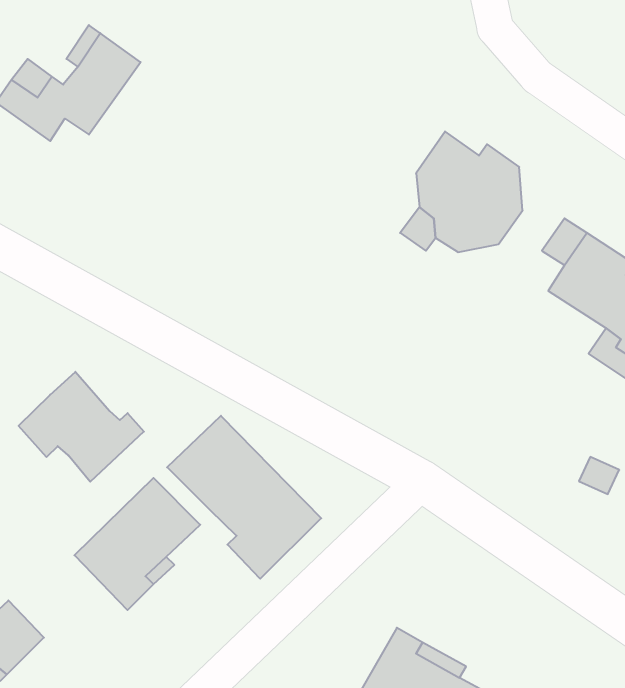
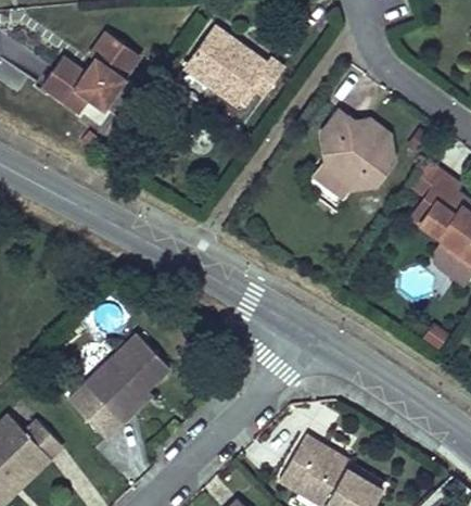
building: none -> [178,25,280,103]
building: [19,372,144,482] -> none
building: [167,416,321,579] -> none

